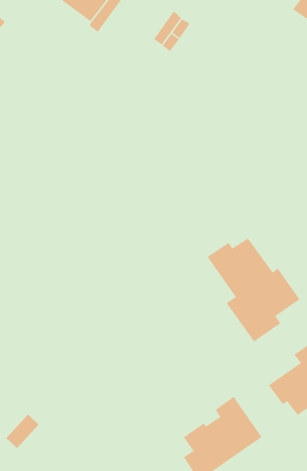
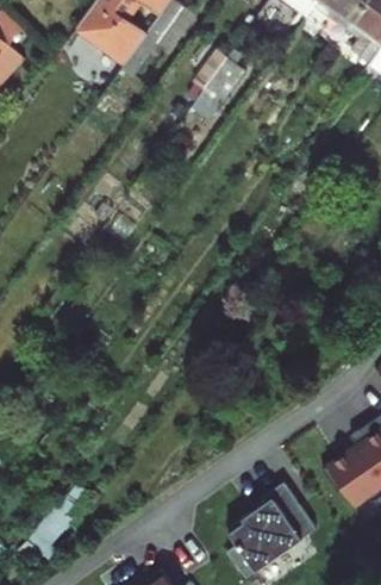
building: [207,237,301,343] -> none

